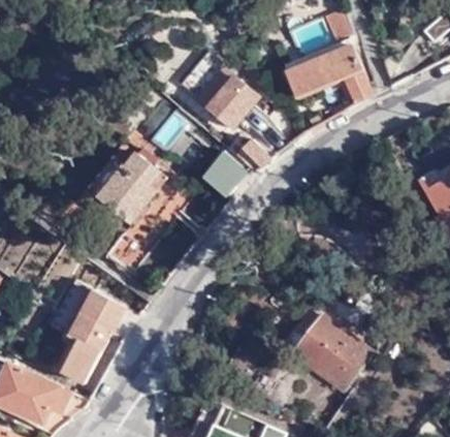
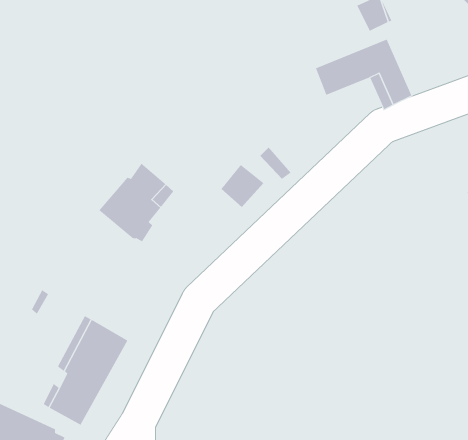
building: [201,69,257,126] -> none
building: [291,313,368,389] -> none

